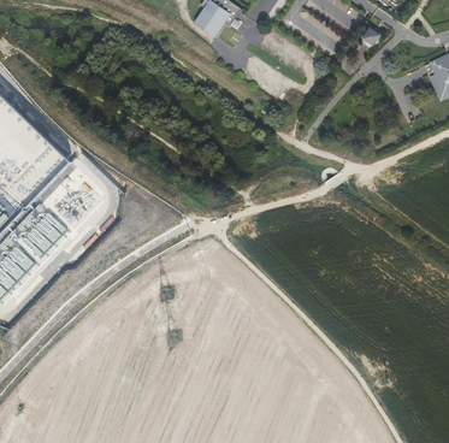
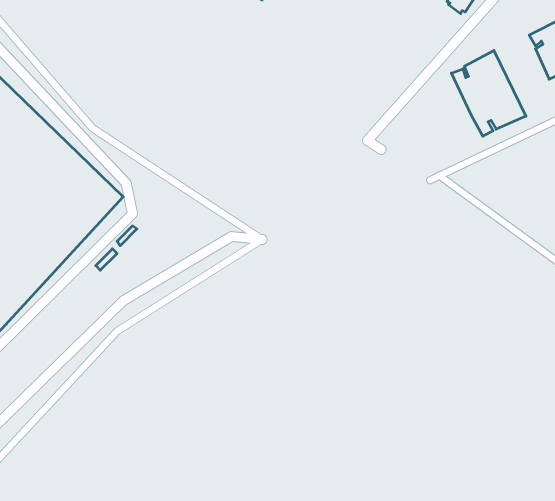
building: none -> [451,50,526,136]

